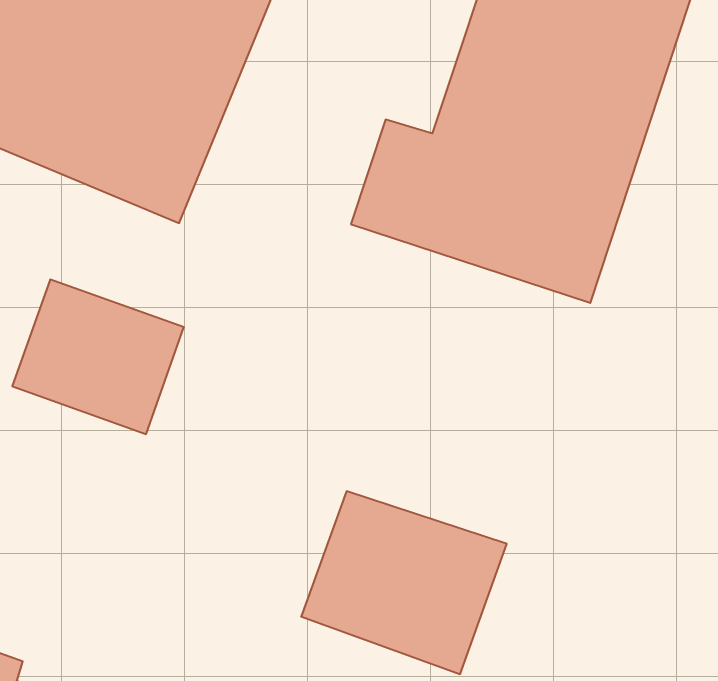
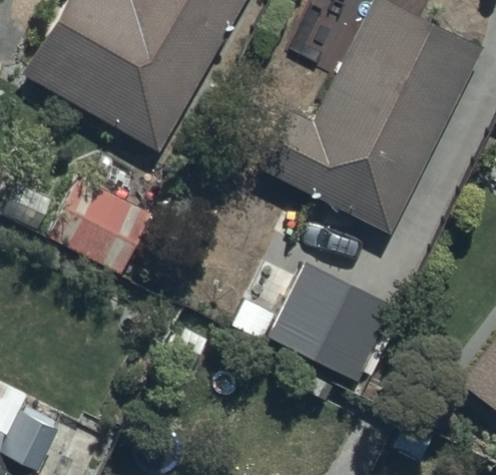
building: [301,491,507,674] -> [269,261,395,377]

